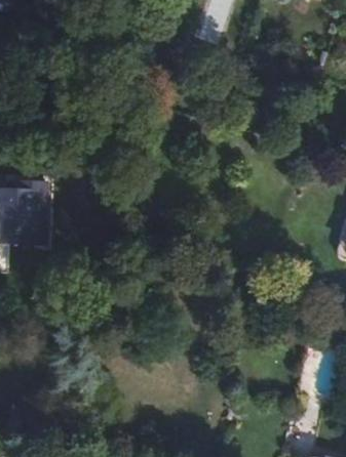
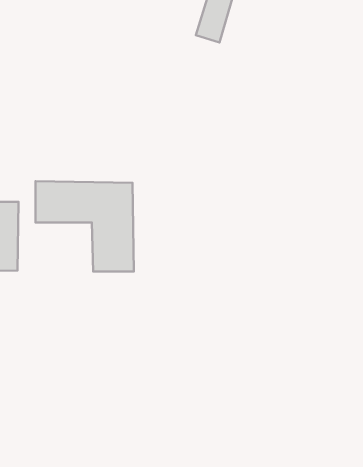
building: none -> [36,181,134,272]

